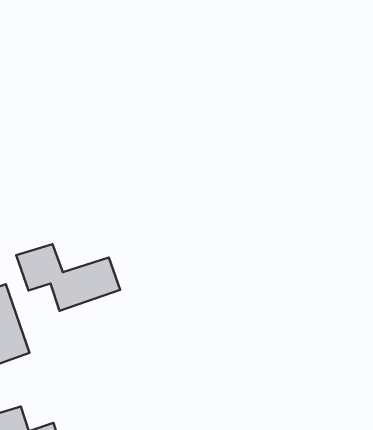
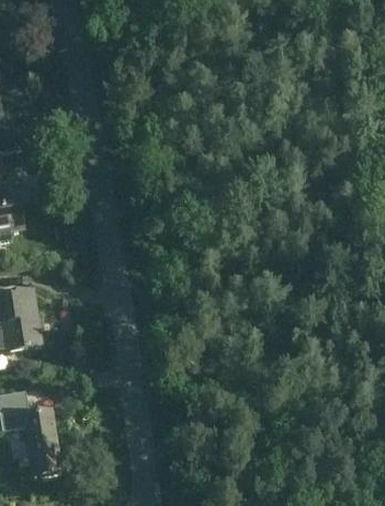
building: [16,244,120,311] -> none

